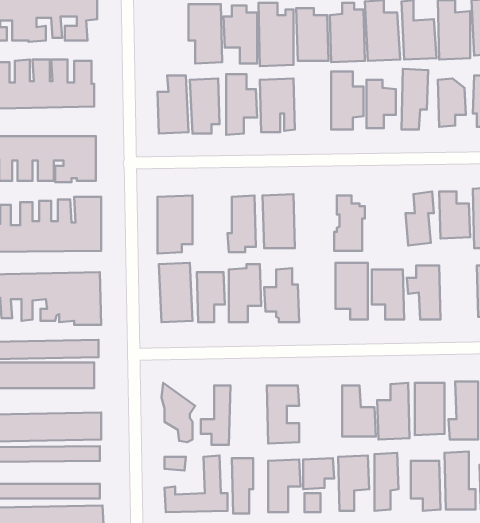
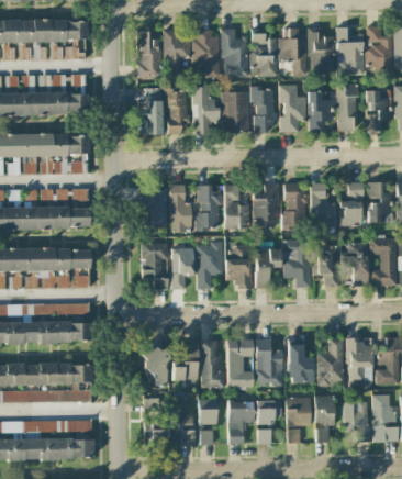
building: none -> [135,30,163,77]
building: none -> [253,87,275,132]
building: none -> [311,181,337,227]
building: none -> [254,182,279,226]
building: none -> [170,183,193,231]
building: none -> [370,236,397,285]
building: none -> [256,247,280,287]
building: none -> [256,338,283,386]
building: none -> [201,339,225,387]

